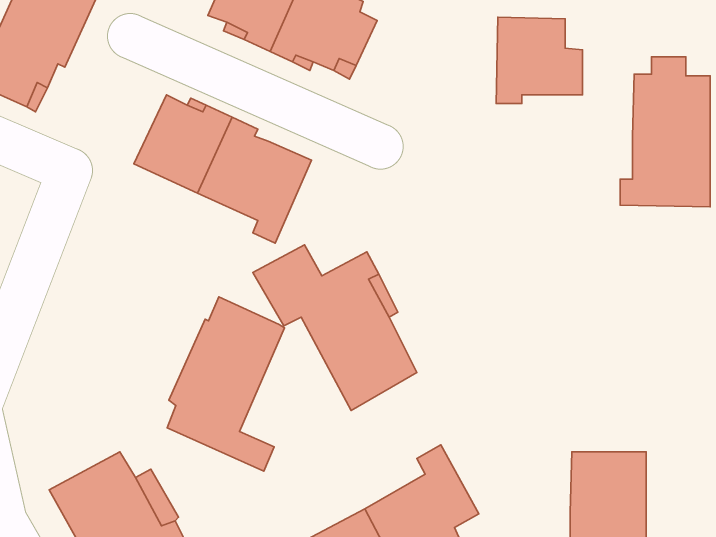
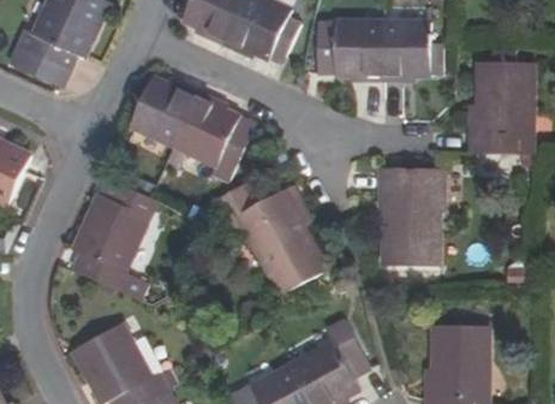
building: none -> [317,22,383,82]
building: none -> [378,168,443,266]
building: [167,297,284,471] -> [72,178,154,299]

